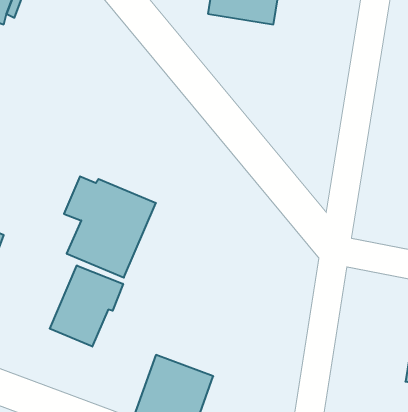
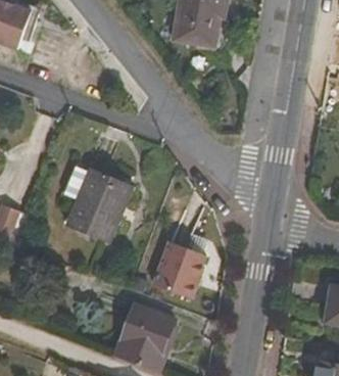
building: [50,265,123,347] -> none
building: none -> [152,241,205,299]

